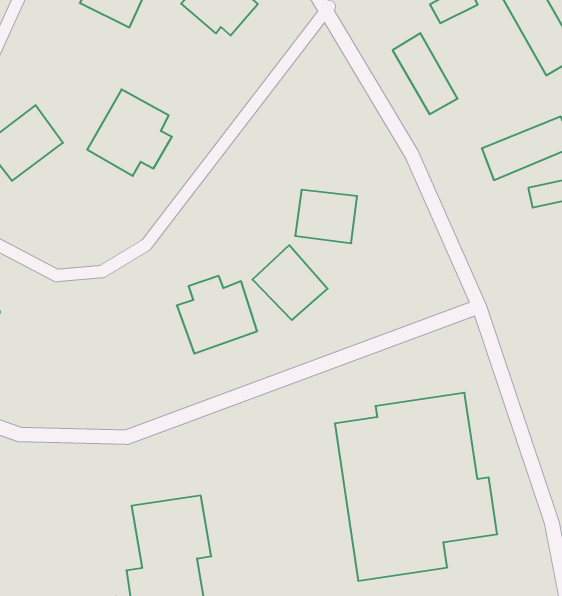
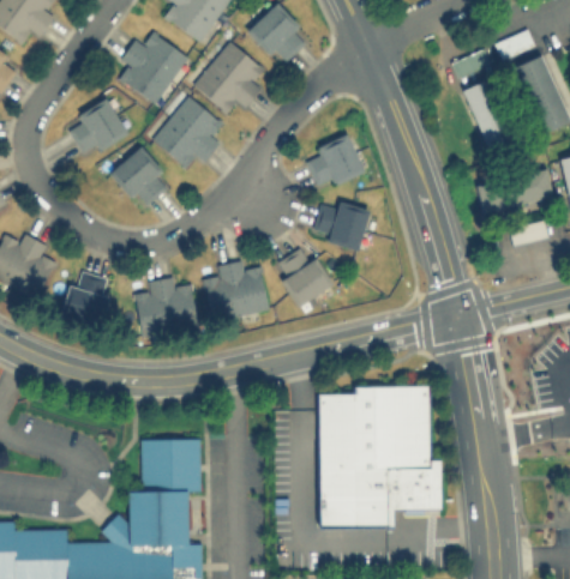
building: none -> [193,40,263,113]
building: none -> [120,32,188,104]
building: [393,33,458,114] -> [462,79,510,147]
building: none -> [308,134,362,188]
building: none -> [109,146,173,210]
building: none -> [136,278,198,340]
building: none -> [62,272,110,325]

